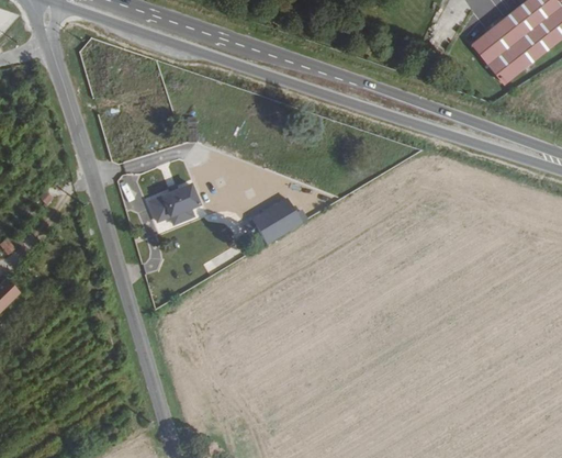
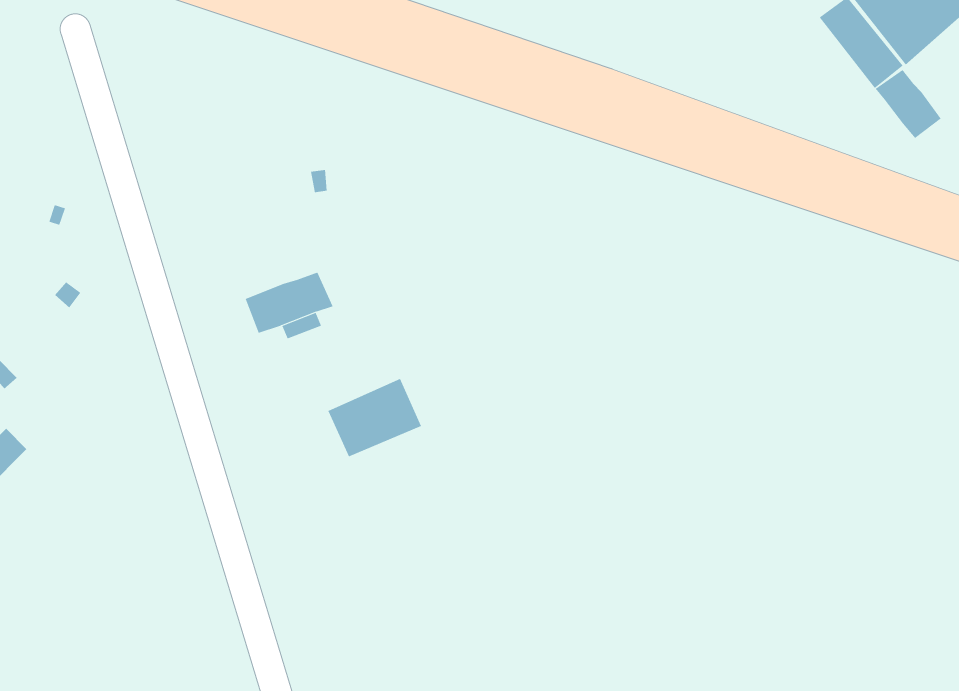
building: none -> [875,69,942,139]
building: [251,199,305,244] -> [327,378,422,457]

